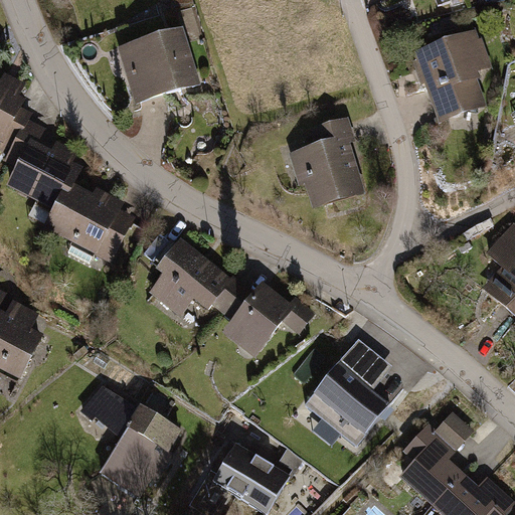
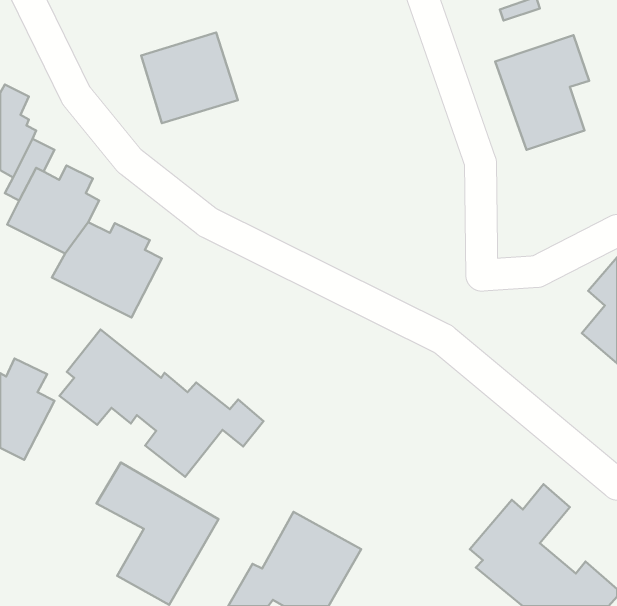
building: [299,118,361,203] -> none
building: [148,237,318,360] -> [60,329,264,477]
building: [301,337,392,450] -> none

